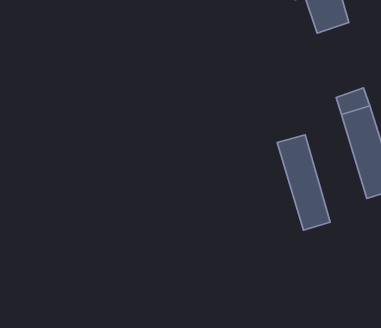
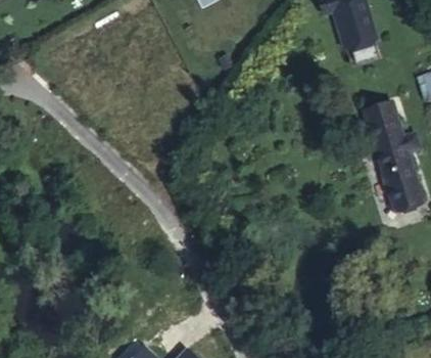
building: [277,135,330,230] -> none

